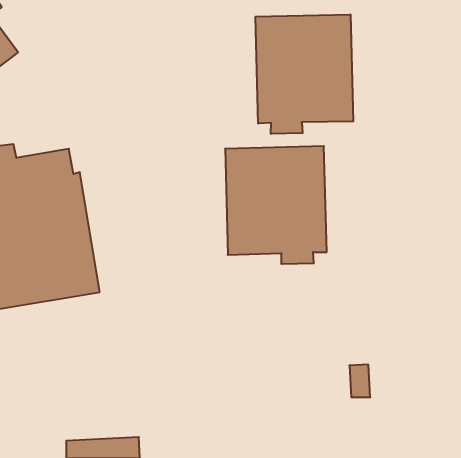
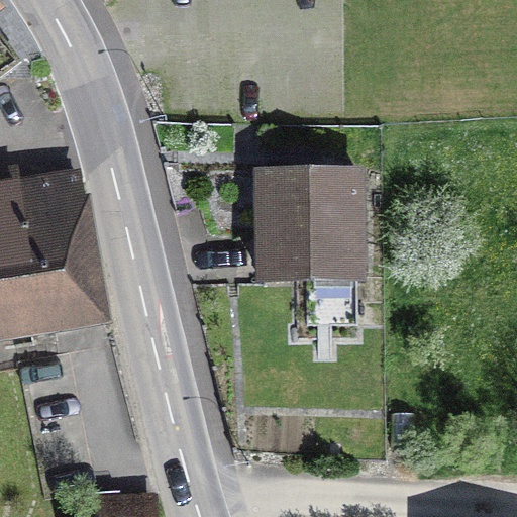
building: [256,14,353,134] -> none

